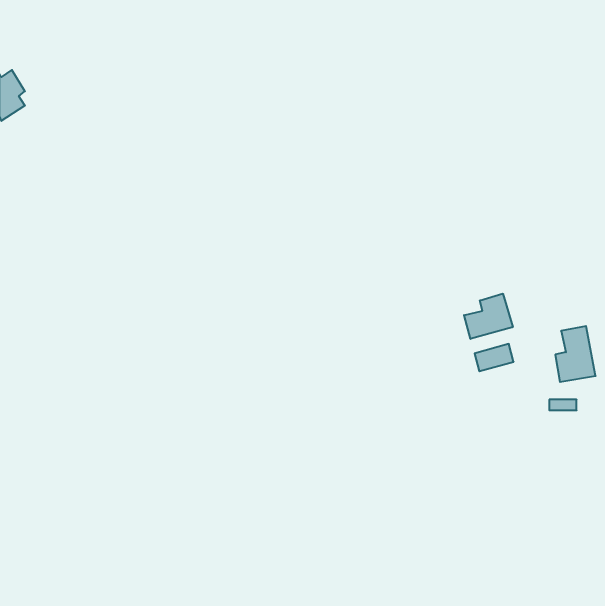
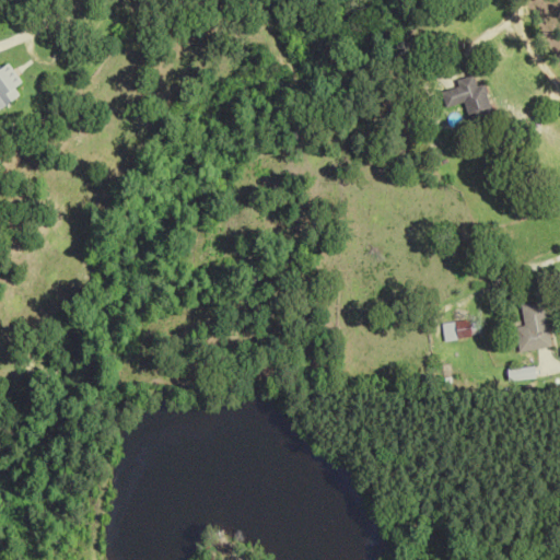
building: none -> [443,75,494,122]
building: [464,294,513,339] -> none

